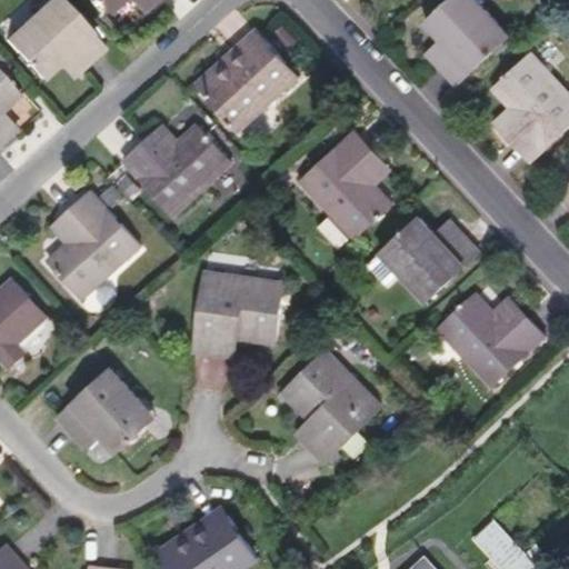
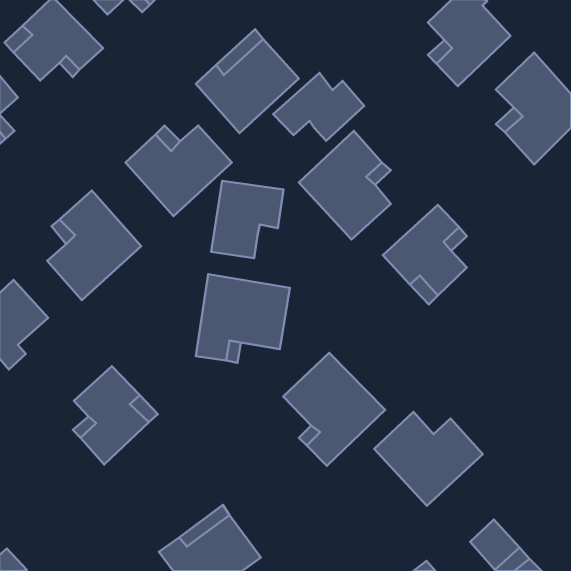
building: none -> [273,73,364,141]
building: none -> [211,181,284,258]
building: [437,295,545,388] -> [374,412,483,506]

